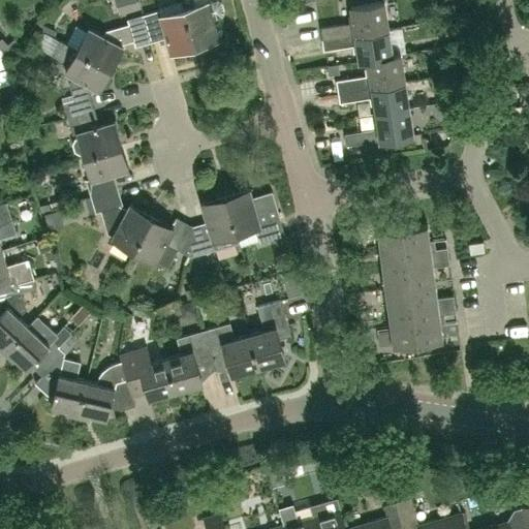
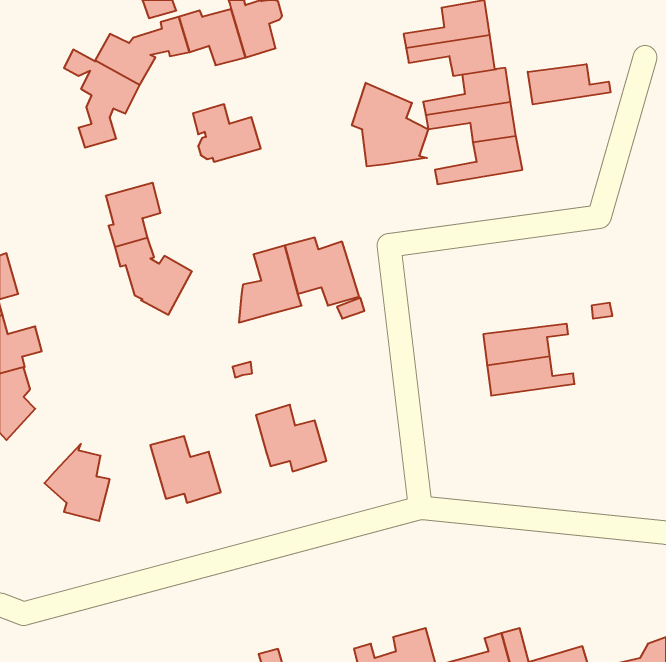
building: none -> [528,64,610,104]
building: none -> [352,83,428,166]
building: [67,114,121,159] -> [193,104,261,162]
building: [133,219,192,271] -> none
building: [377,228,448,269] -> none
building: [249,303,291,369] -> none
building: [388,308,456,350] -> none
building: [5,318,71,377] -> none
building: [165,333,214,394] -> none
building: [79,364,134,423] -> none

